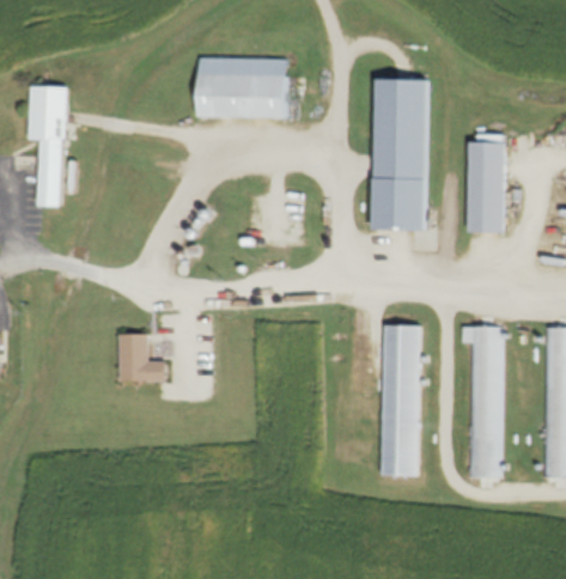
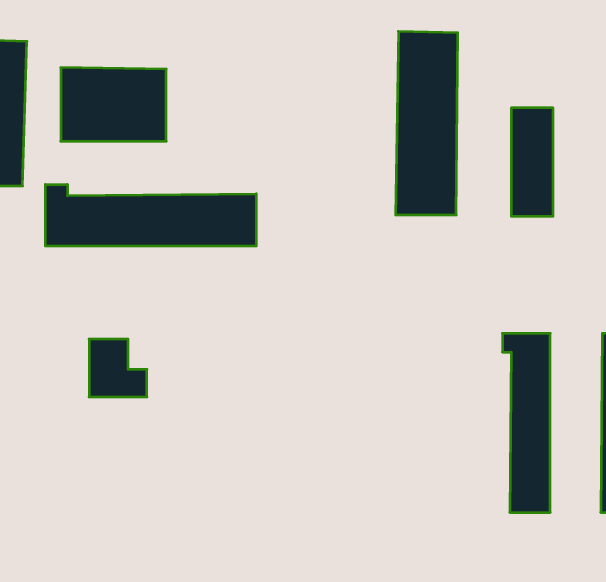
building: [199,57,286,118] -> [61,68,166,141]
building: none -> [45,184,256,246]
building: [383,325,420,476] -> none

